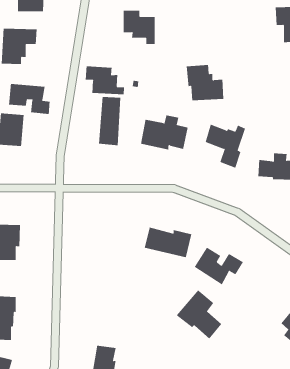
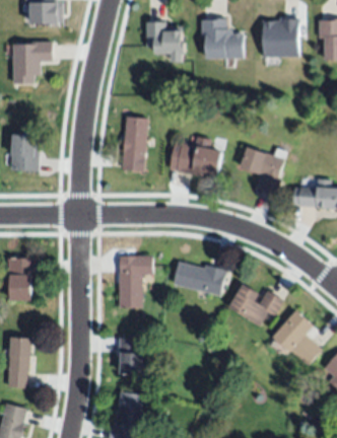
building: none -> [262,20,298,58]
building: [186,64,224,101] -> [200,16,243,57]
building: [85,66,125,95] -> none
building: [9,83,50,115] -> none
building: none -> [119,257,152,308]
building: [176,290,222,340] -> [271,310,323,366]
building: none -> [118,339,150,375]

